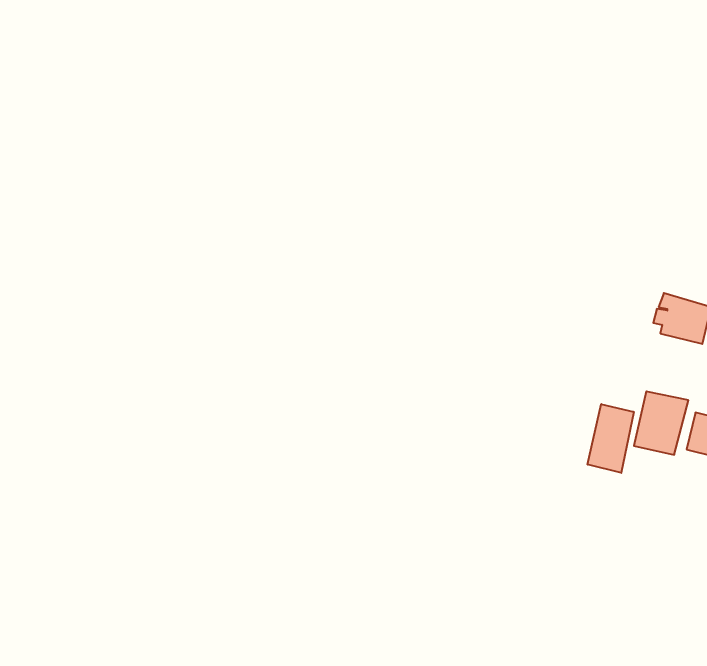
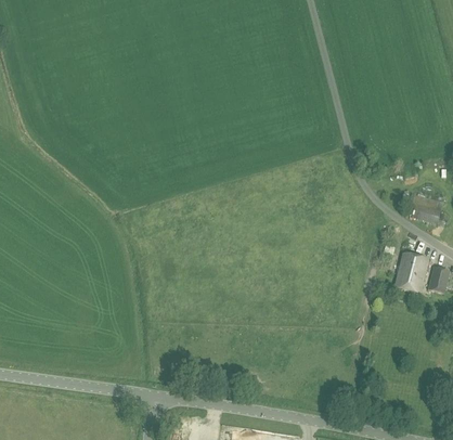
building: [588,404,634,473] -> none

